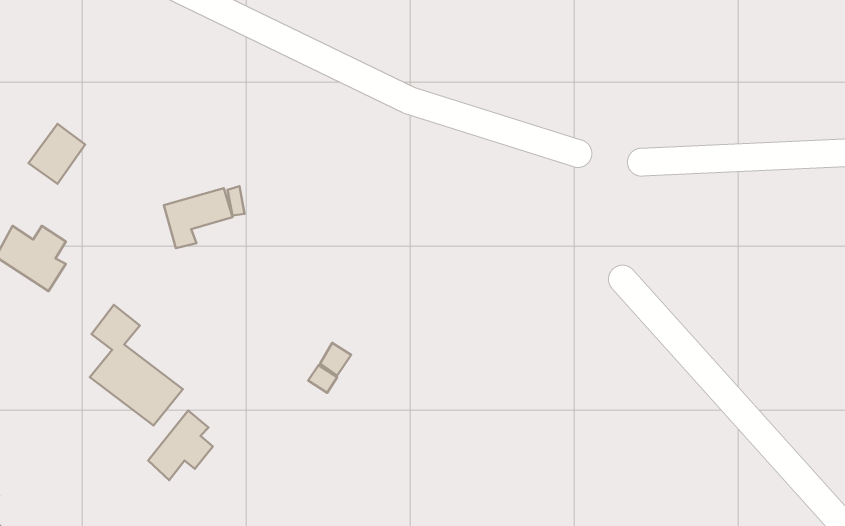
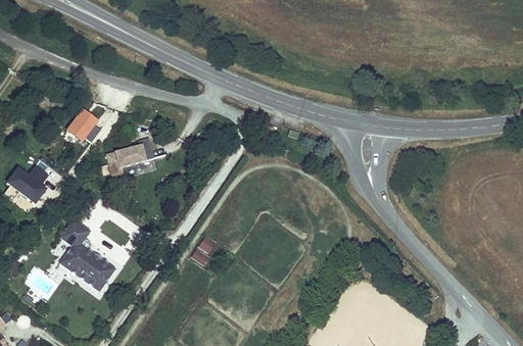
building: [28,124,85,184] -> [64,108,98,144]
building: [148,411,213,480] -> none

